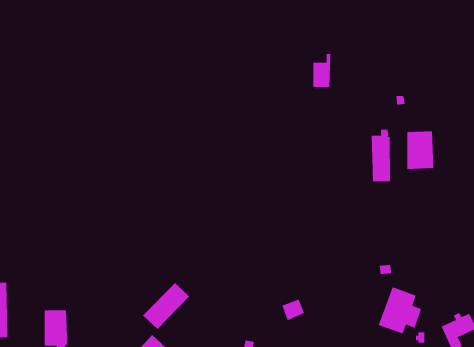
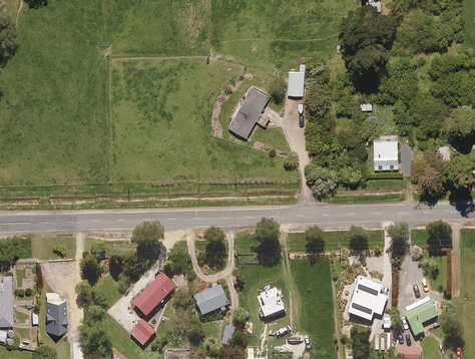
building: none -> [227,88,269,138]
building: [371,129,391,182] -> none
building: none -> [194,285,230,315]

